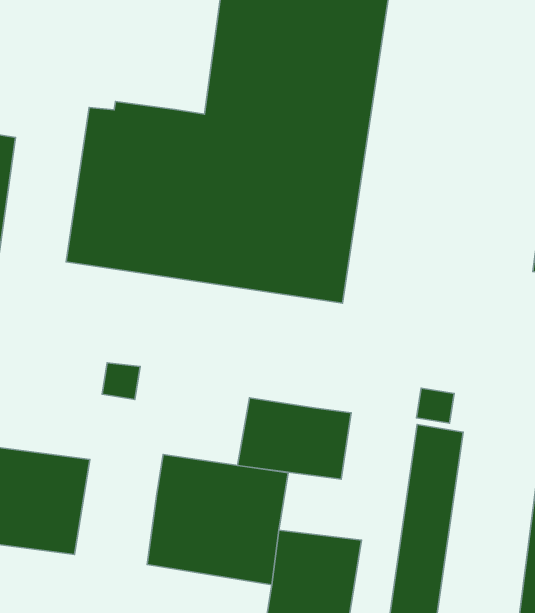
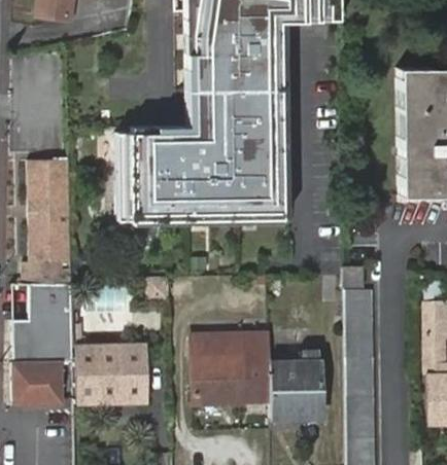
building: [238,398,351,479] -> none

